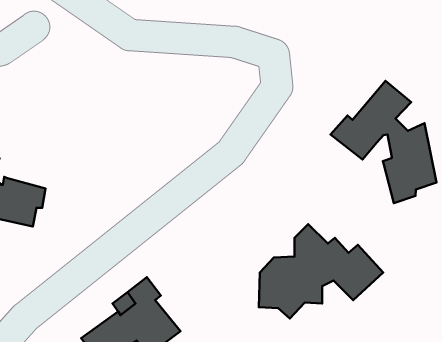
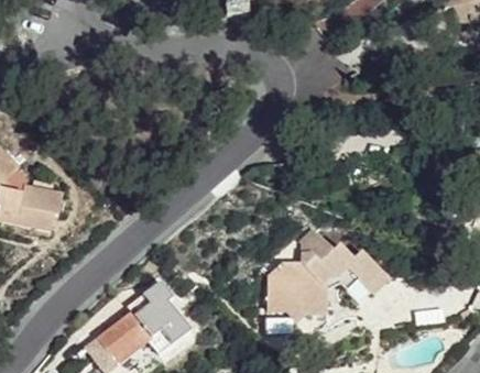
building: [330,81,436,203] -> none

